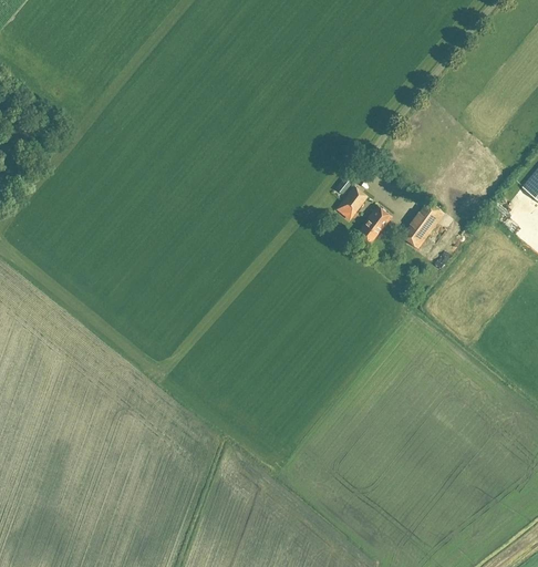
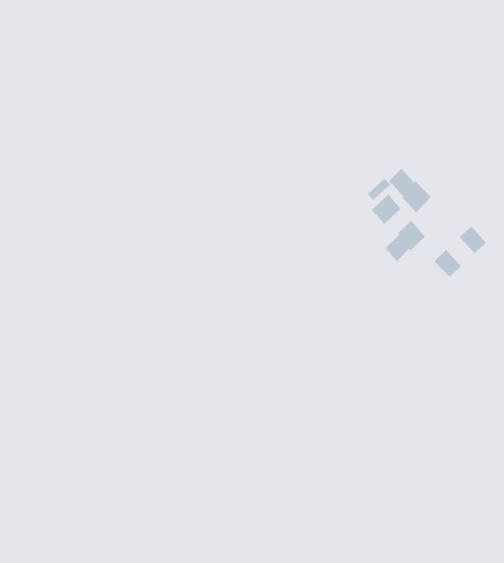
building: none -> [388,168,431,213]

